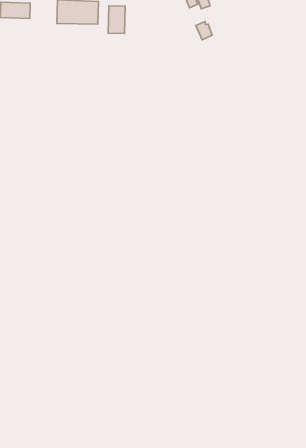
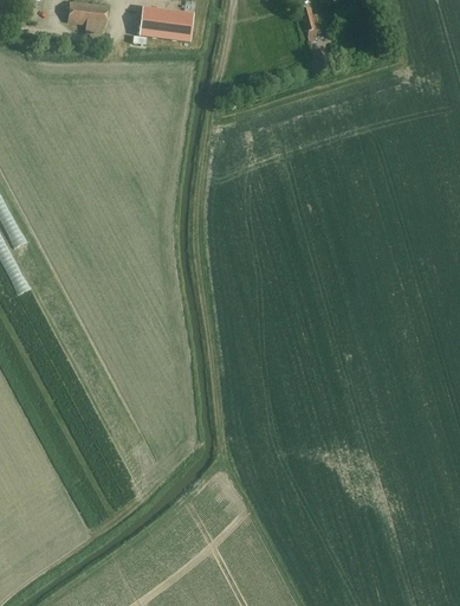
building: [108,6,125,33] -> none

